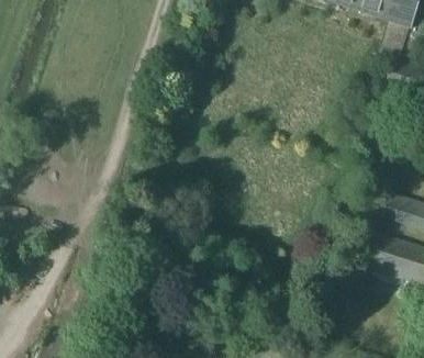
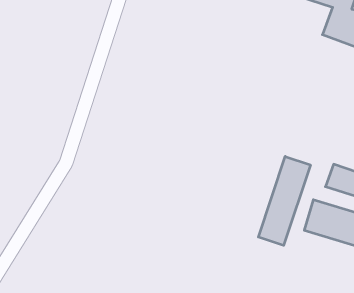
building: none -> [258,156,310,245]

